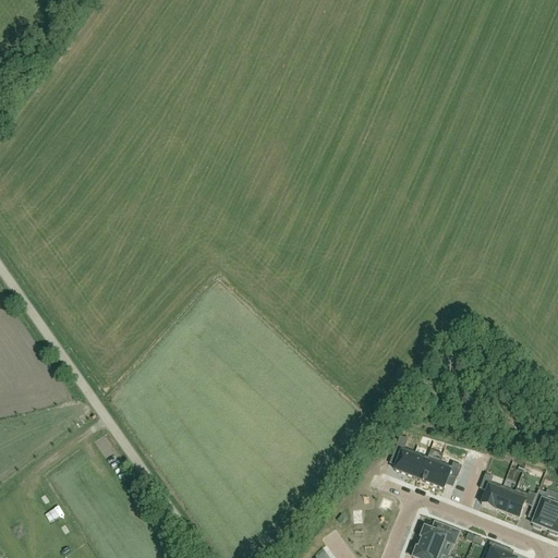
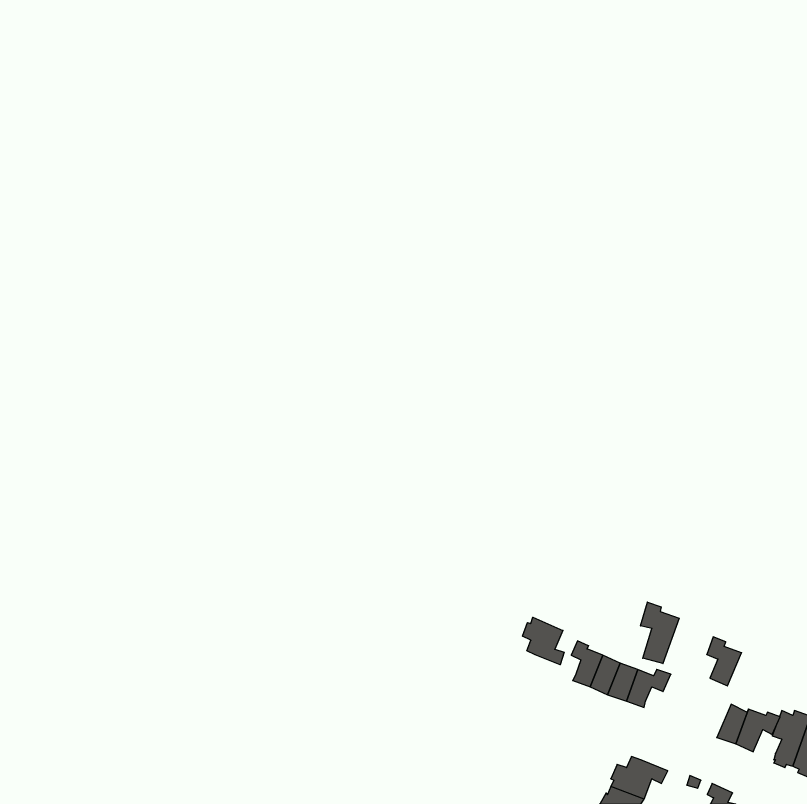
building: none -> [641,602,679,664]
building: none -> [523,617,564,665]
building: [481,474,505,508] -> [707,637,742,686]

